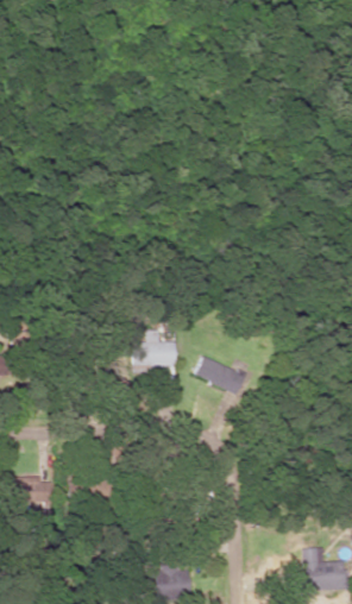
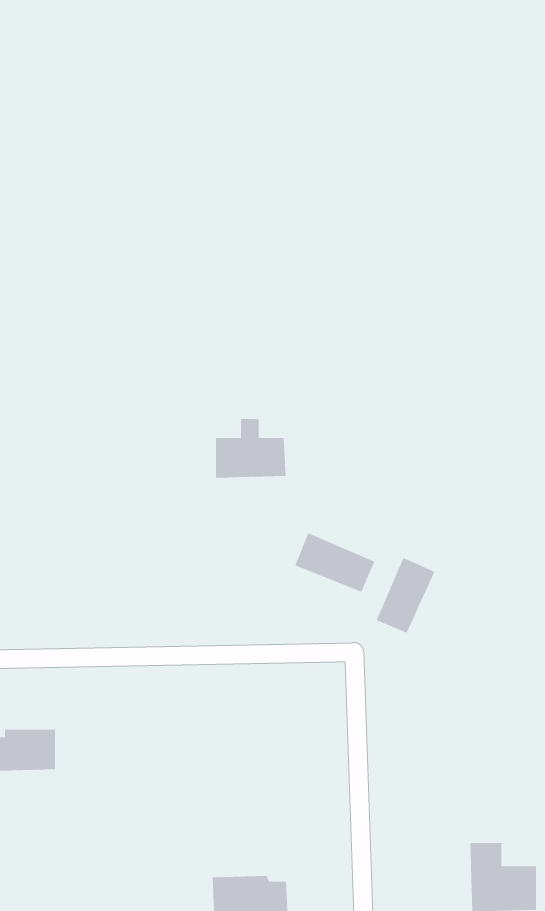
building: [134,331,178,367] -> [215,418,286,478]
building: none -> [376,557,435,633]

